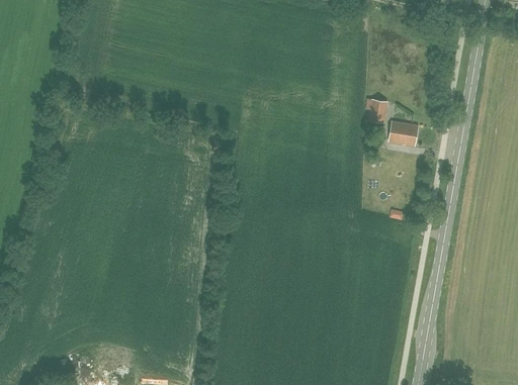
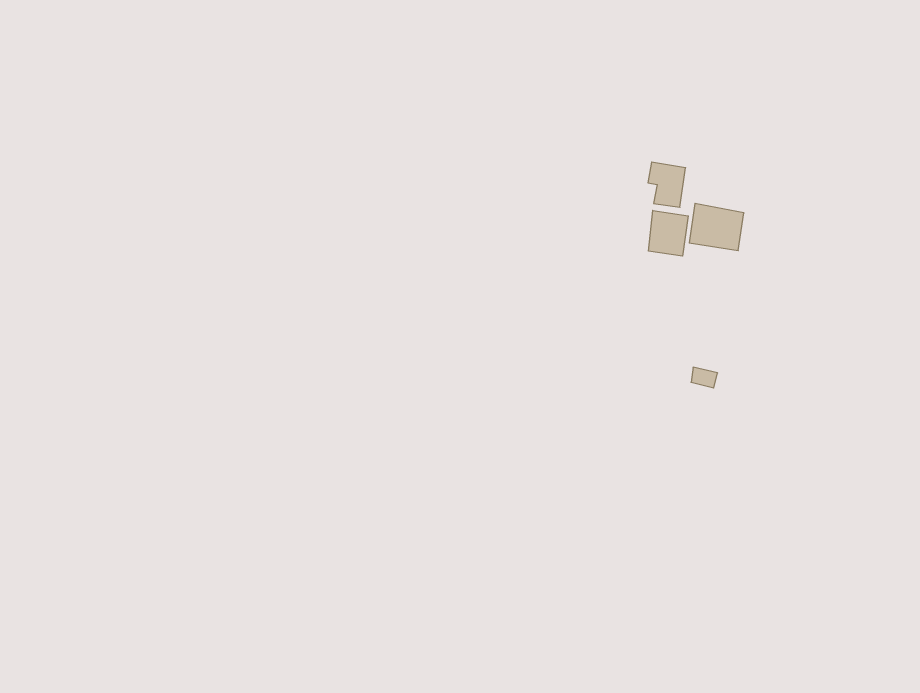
building: none -> [649,210,688,256]

